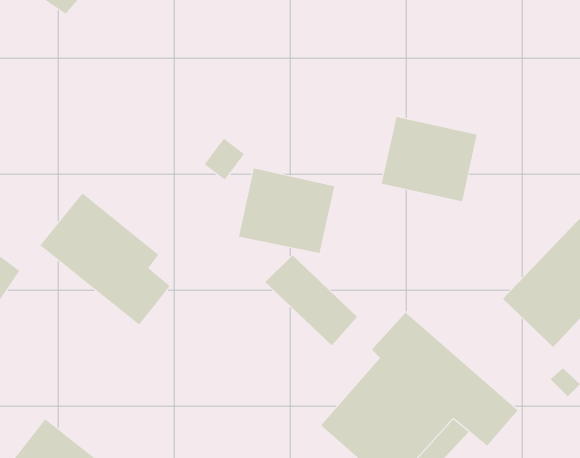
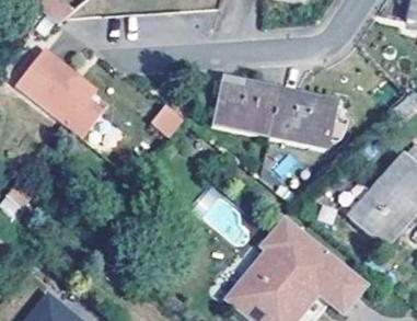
building: [238,168,335,253] -> [215,78,279,135]
building: [39,193,171,326] -> [20,49,107,138]

